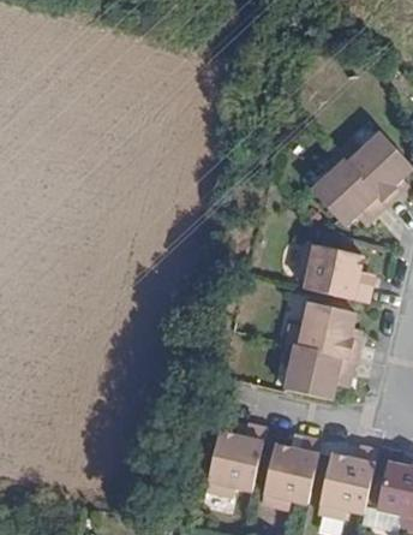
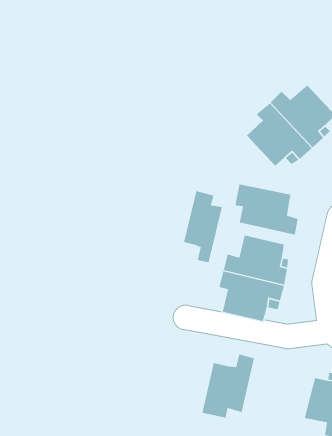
building: none -> [183,190,223,263]
building: [205,424,265,497] -> none
building: [317,447,377,519] -> none

